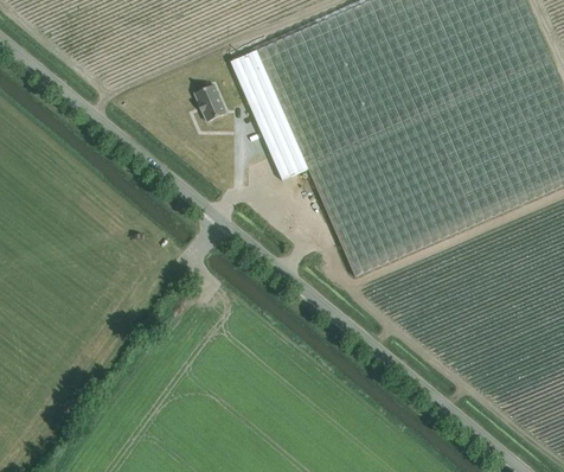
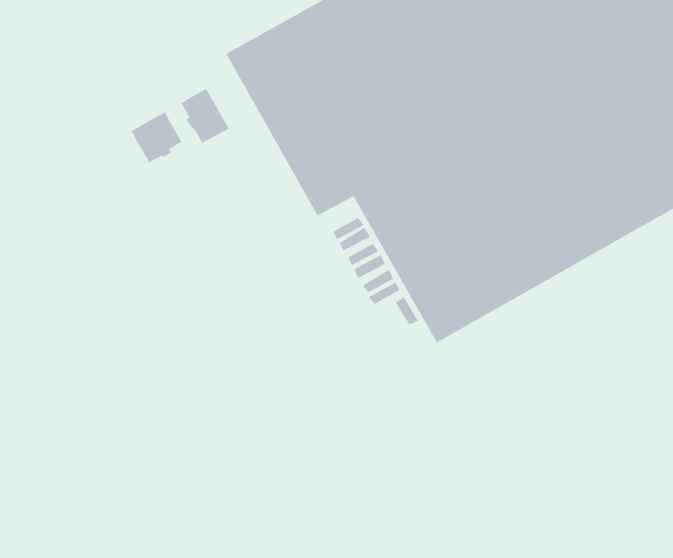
building: none -> [130,111,182,163]

